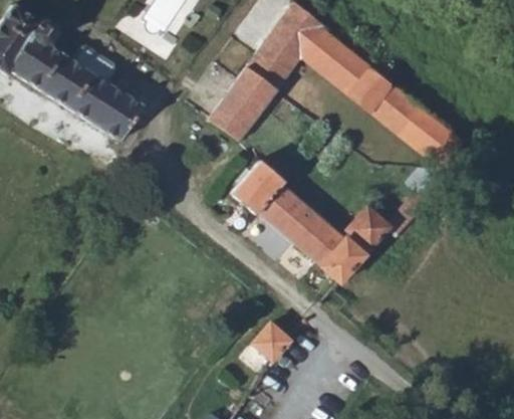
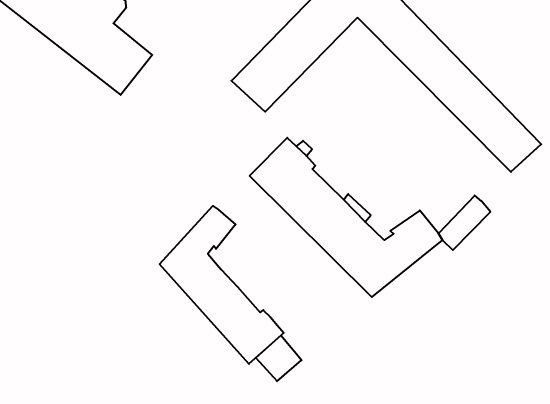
building: none -> [160,206,284,364]

